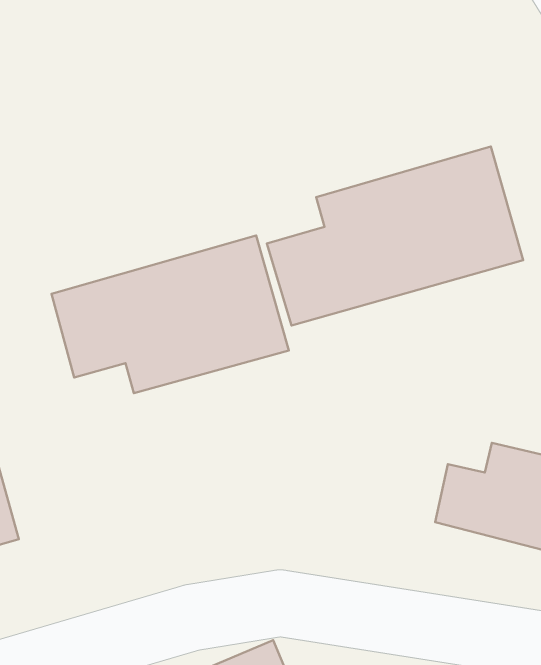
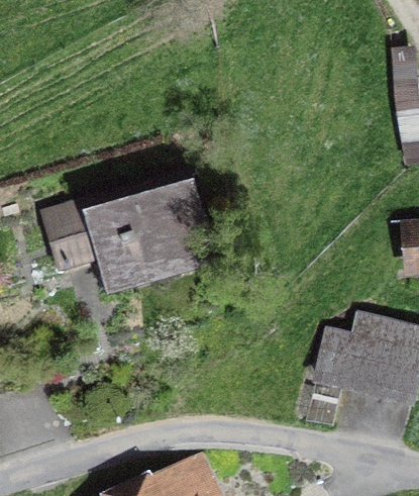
building: [267,146,523,326] -> none

